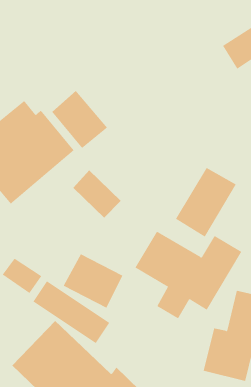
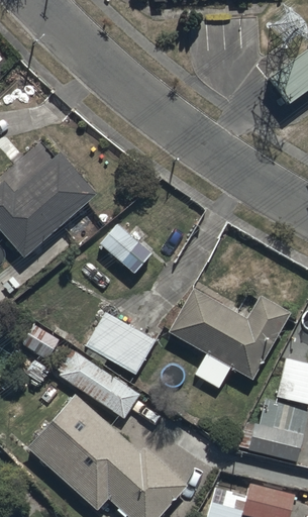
building: [51,90,108,149] -> none
building: [175,167,237,237] -> none

